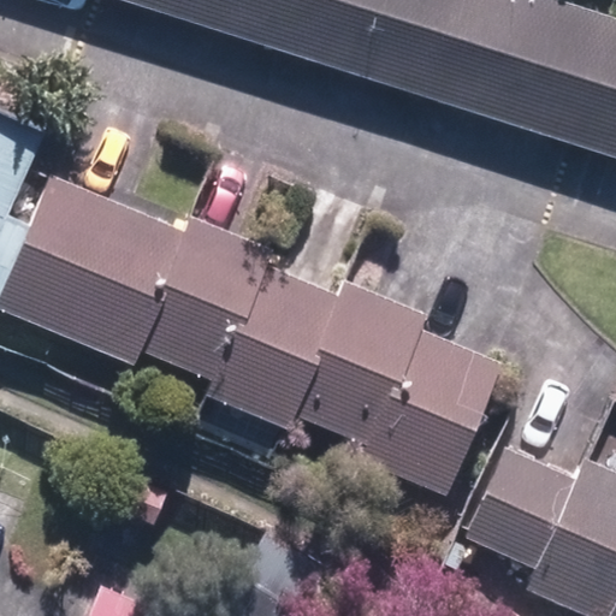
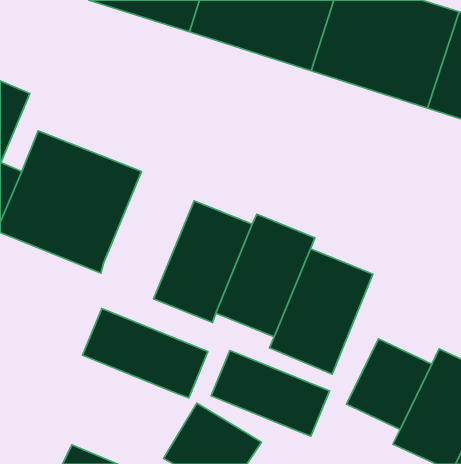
building: [141,219,267,379] -> none
building: none -> [83,309,208,398]
building: none -> [211,350,329,436]

